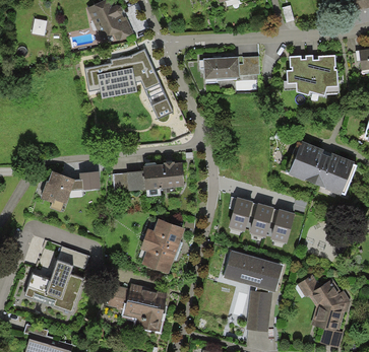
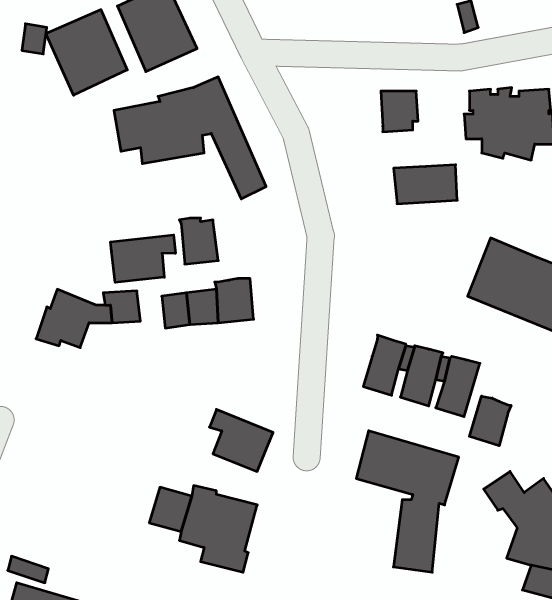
building: none -> [46,10,127,95]
building: [203,57,240,79] -> [394,165,457,204]
building: none -> [111,235,175,282]
building: [163,161,185,188] -> [179,218,218,264]
building: [144,219,185,253] -> none
building: none -> [469,396,511,446]
building: [24,245,89,313] -> none

